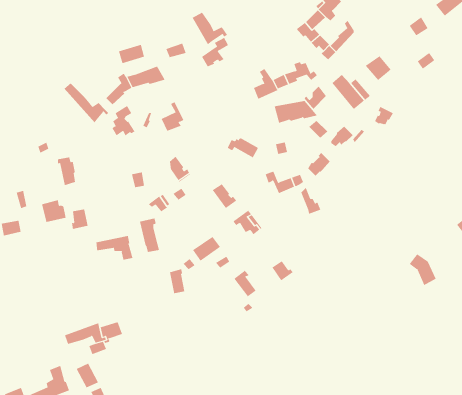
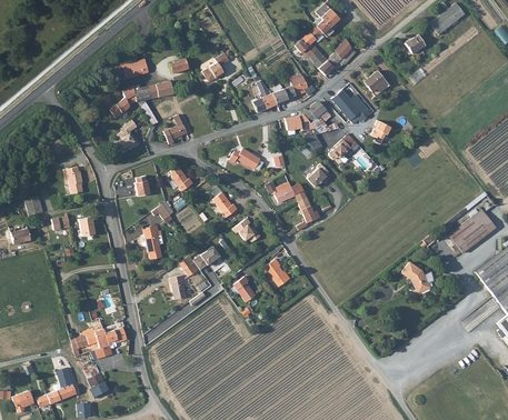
building: [192,12,228,45] -> none
building: [64,82,109,123] -> none
building: [96,235,133,260] -> none

